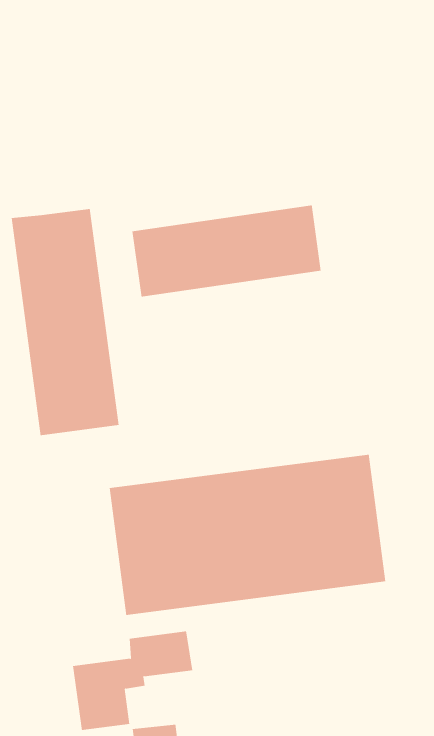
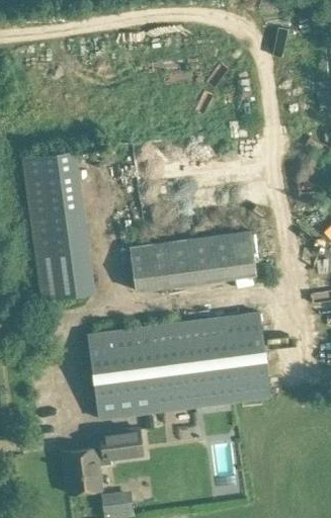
building: [131,205,322,297] -> [130,232,255,292]

